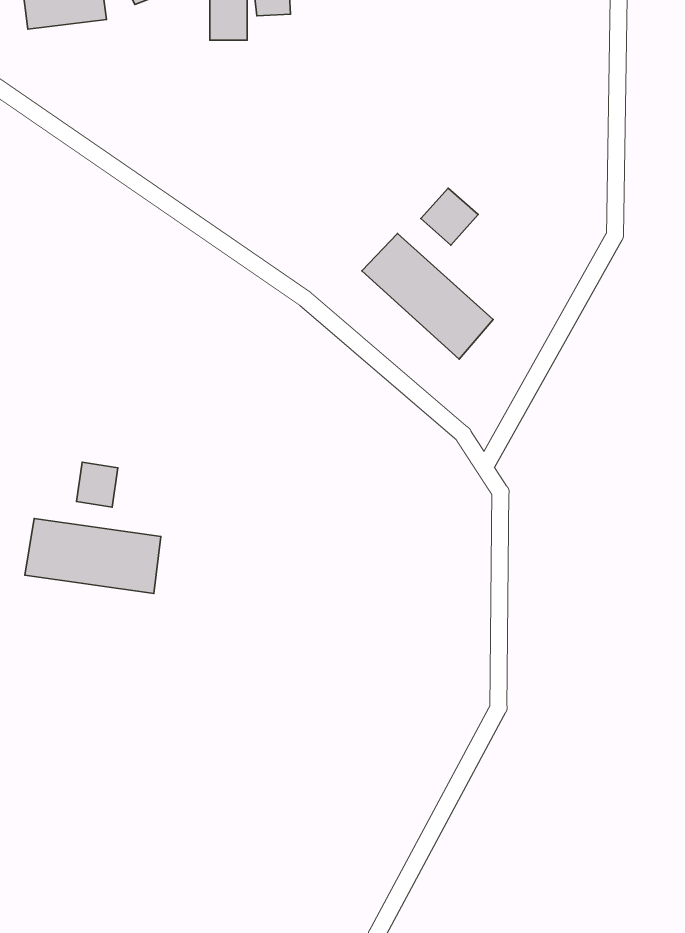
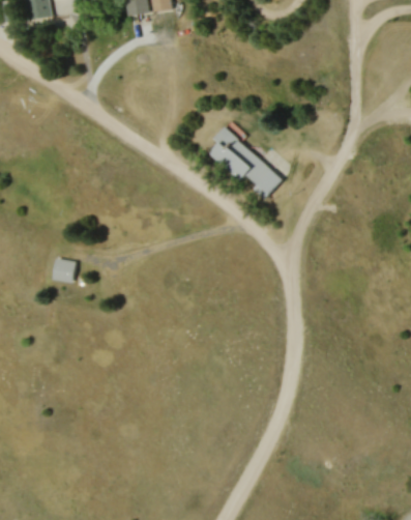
building: [421,188,478,245] -> none
building: [25,518,161,594] -> none

